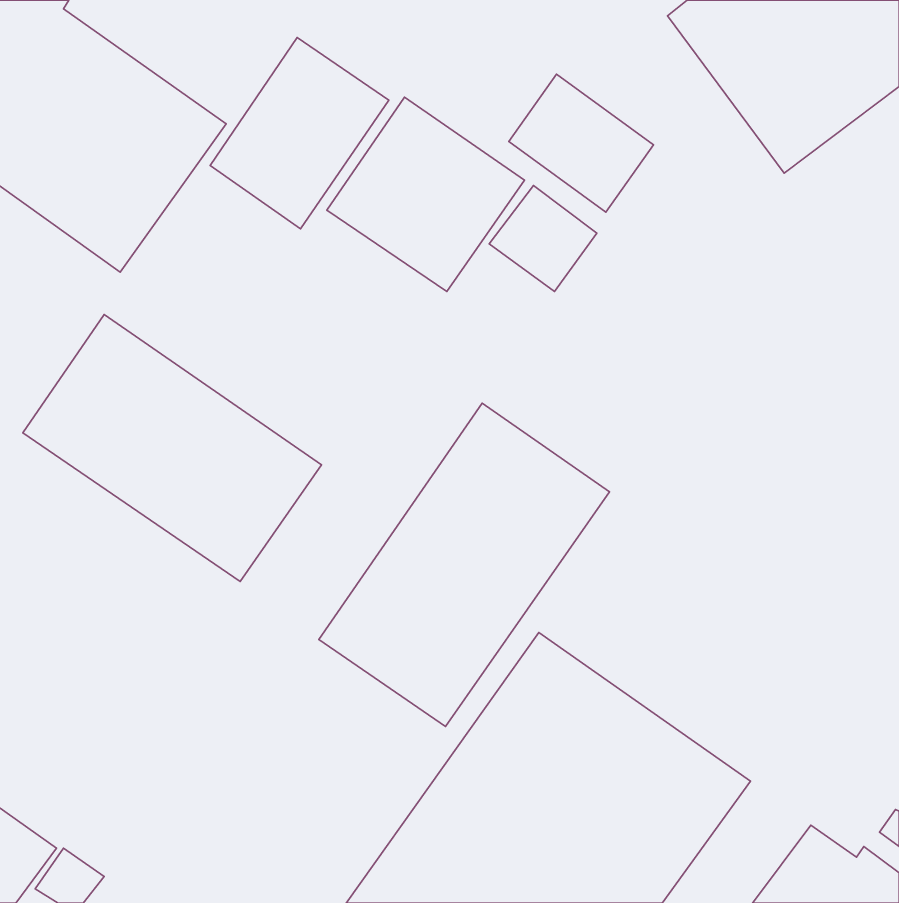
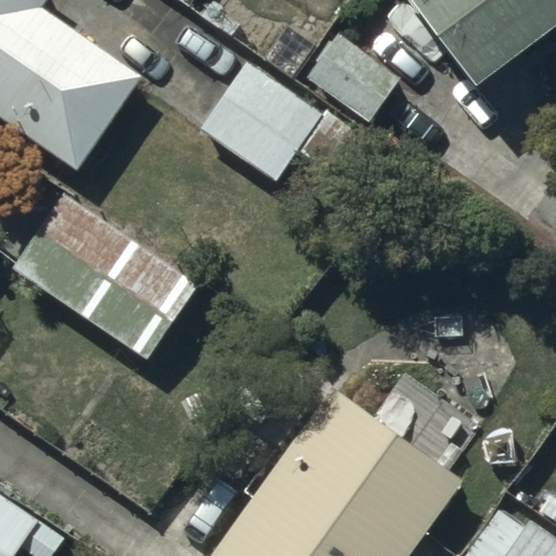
building: [210,38,389,229] -> none
building: [319,403,610,726] -> none

